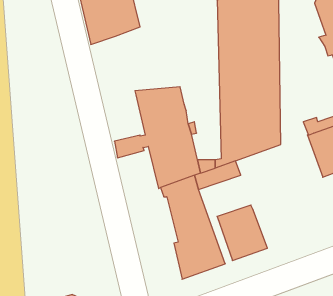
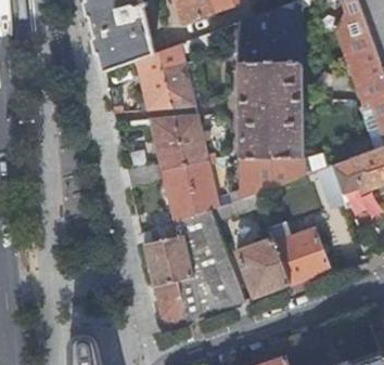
building: none -> [129,31,222,110]
building: none -> [142,222,200,326]
building: none -> [274,231,330,286]

